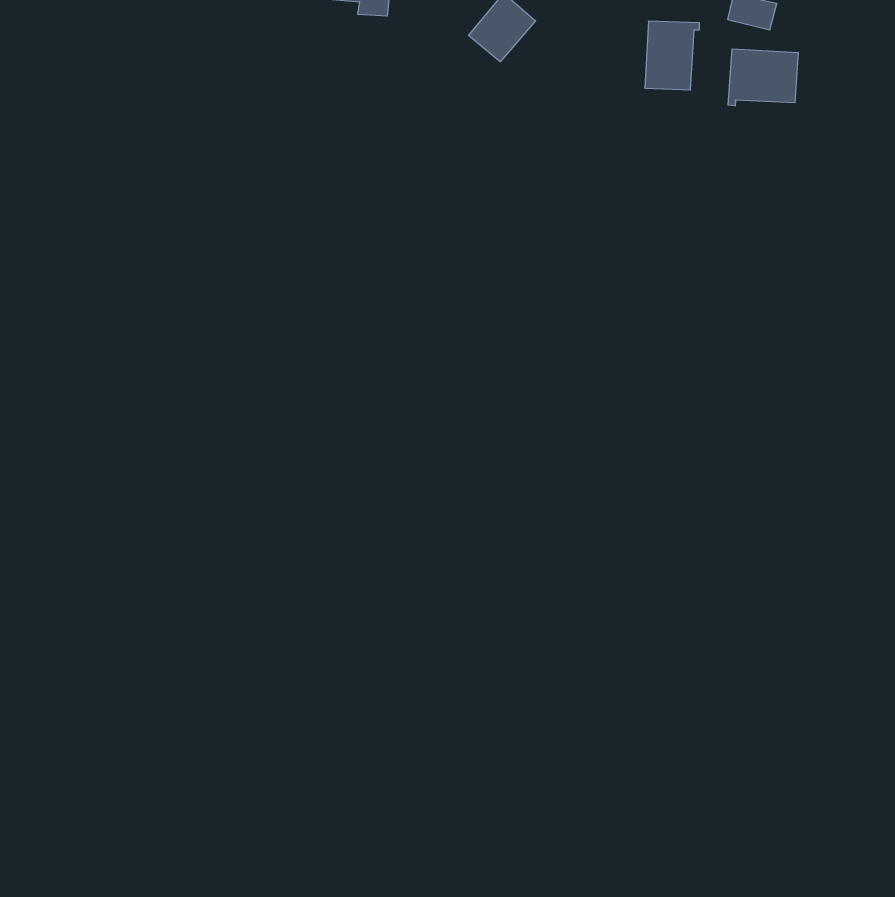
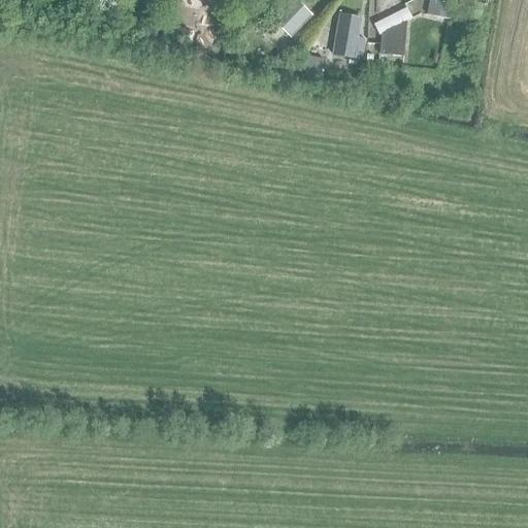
building: none -> [334,10,365,57]
building: [728,49,798,106] -> none

